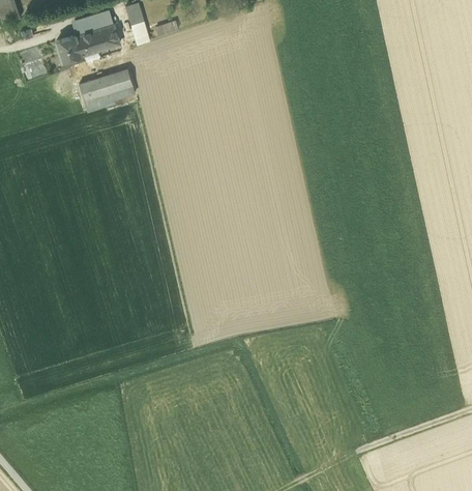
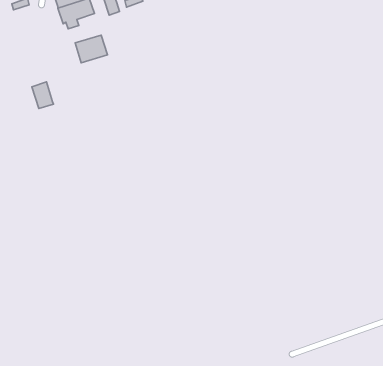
building: [56,35,82,62] -> none
building: [79,79,105,111] -> [32,82,53,109]

